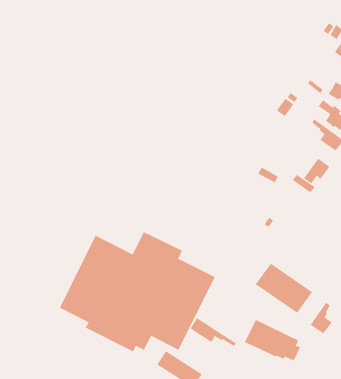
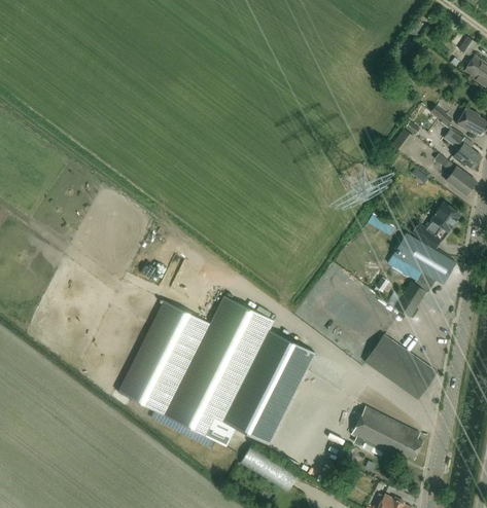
building: none -> [393,233,456,317]
building: [310,302,332,334] -> none
building: [190,317,237,347] -> none

